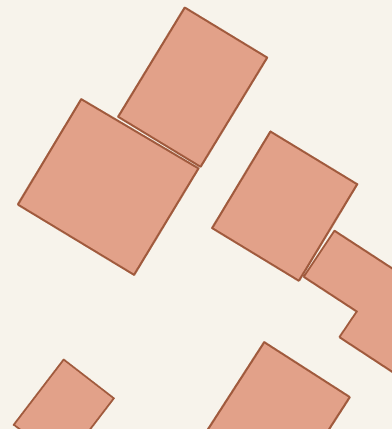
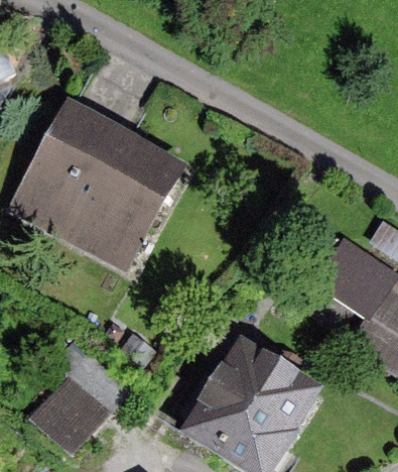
building: [118,8,267,167] -> none
building: [212,131,357,281] -> none

